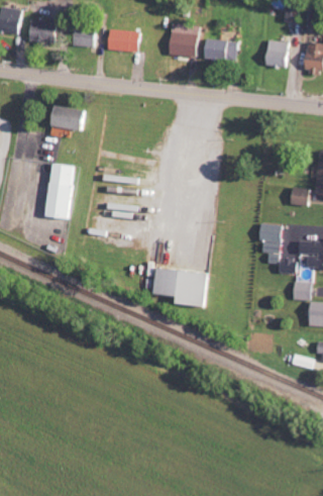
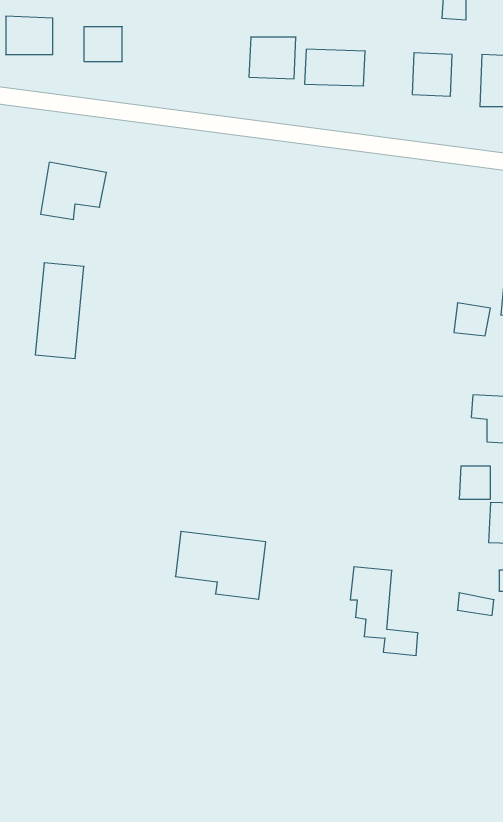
building: [109,30,139,52] -> none
building: [257,223,297,275] -> [350,567,418,655]
building: [154,268,207,307] -> [175,531,266,599]

